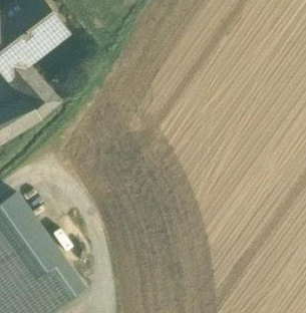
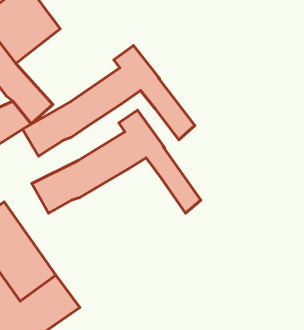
building: none -> [23,45,195,156]
building: none -> [32,110,201,213]

